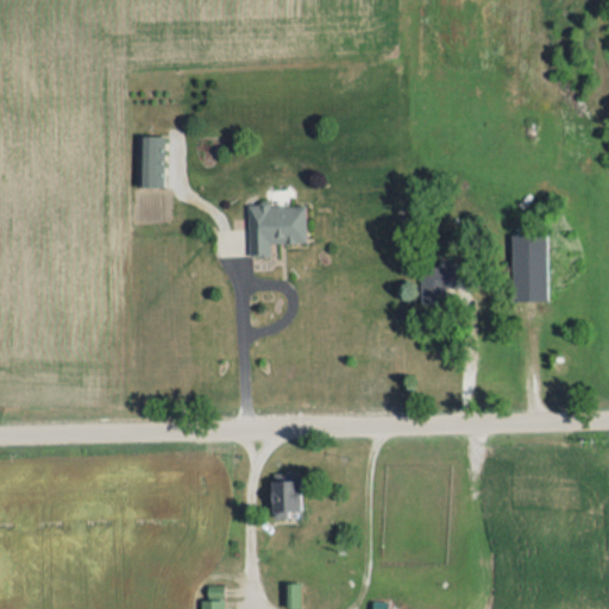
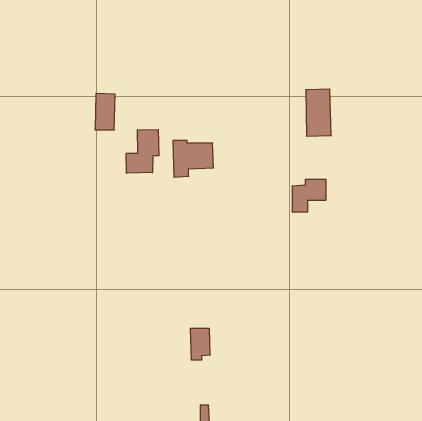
building: none -> [126,130,159,173]
building: [511,236,548,303] -> [306,89,331,136]

